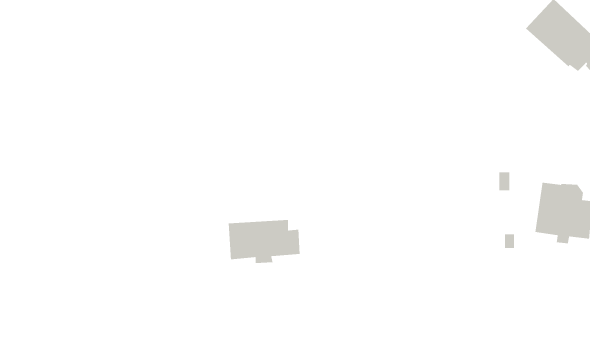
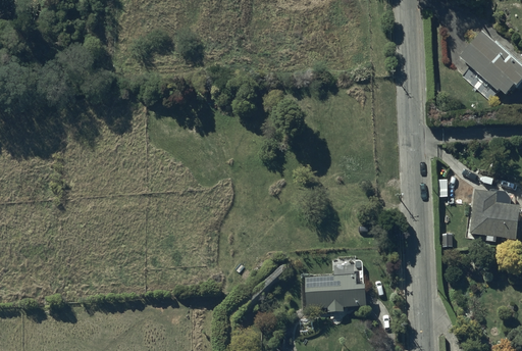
building: [228,219,300,264] -> [304,273,367,312]

